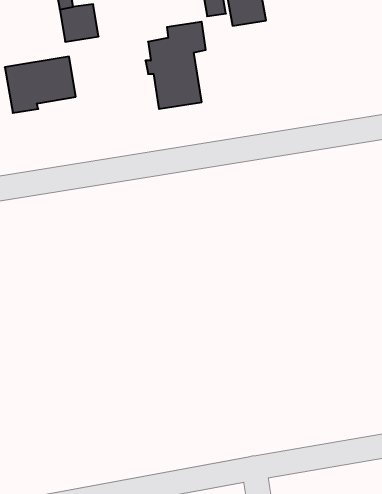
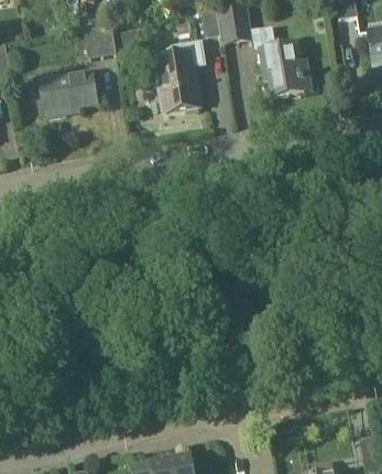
building: none -> [260,41,305,95]

